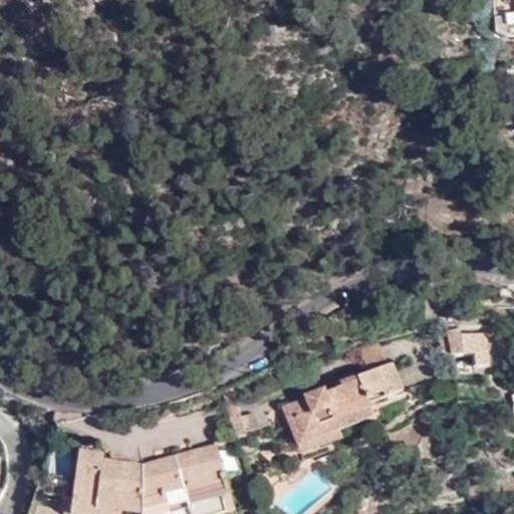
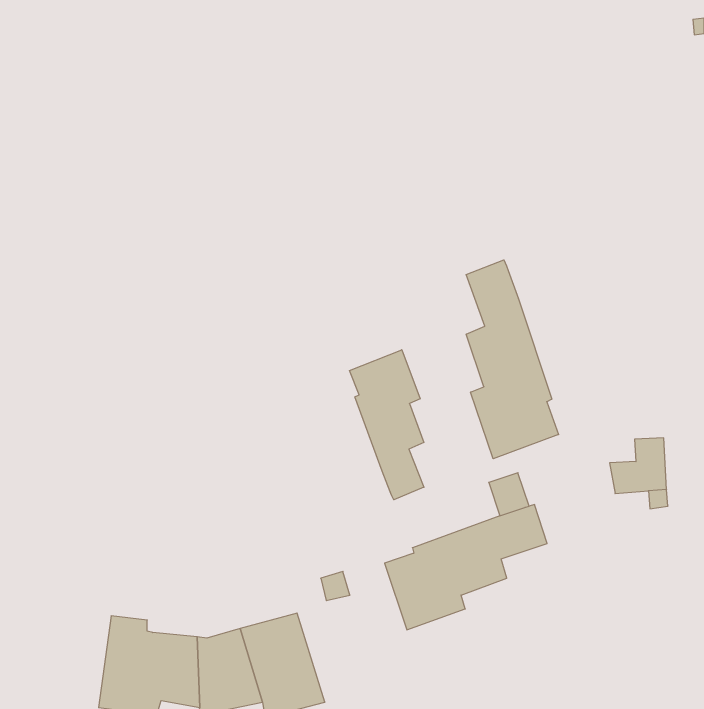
building: none -> [466,260,559,459]
building: none -> [350,350,424,500]

